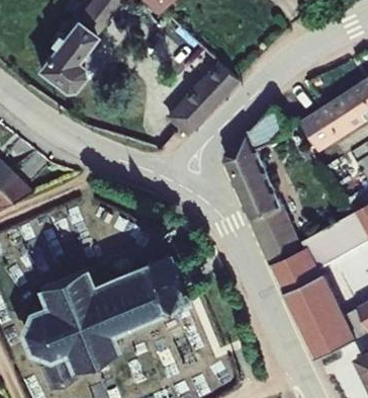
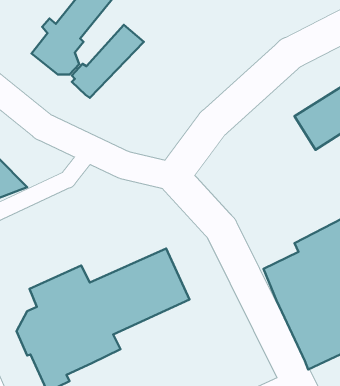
building: [181,60,250,130] -> [72,25,144,98]
building: [218,113,299,268] -> none

